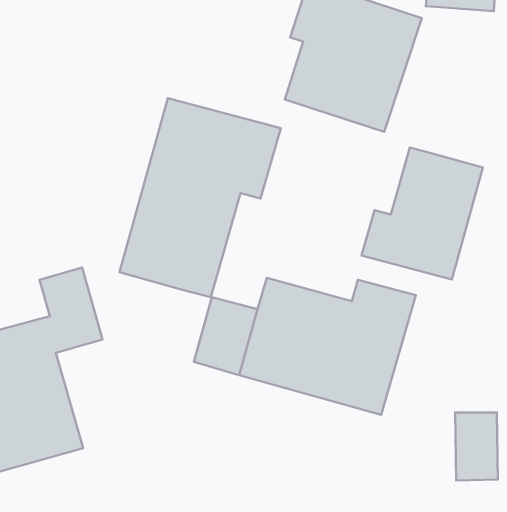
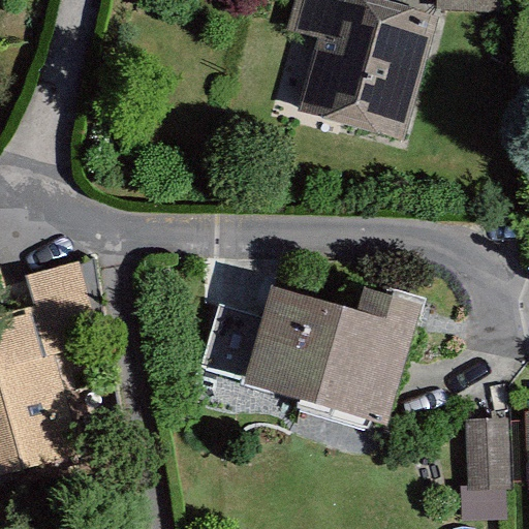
building: [119,98,281,297] -> none
building: [361,147,483,280] -> none

